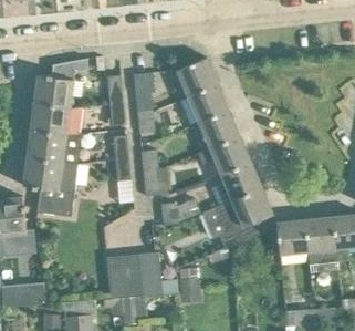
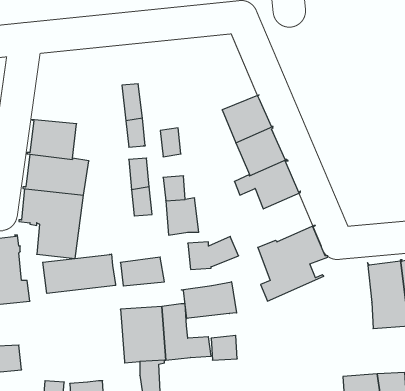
building: [34,56,88,106] -> none
building: [177,56,218,95] -> none
building: [134,72,155,112] -> none
building: [221,162,262,201] -> none
building: none -> [43,254,116,293]
building: [276,218,309,252] -> none
building: none -> [181,282,237,319]

